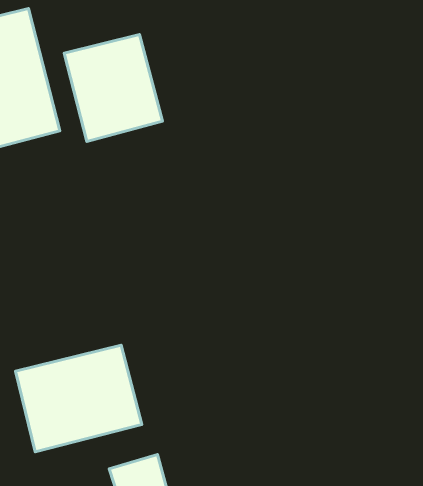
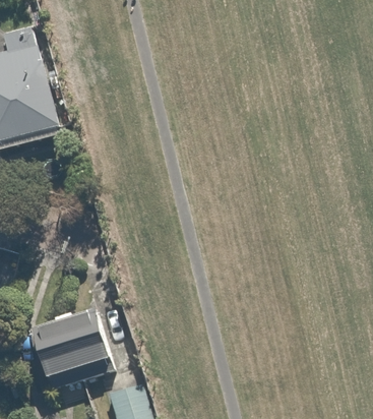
building: [64,34,163,141] -> none

